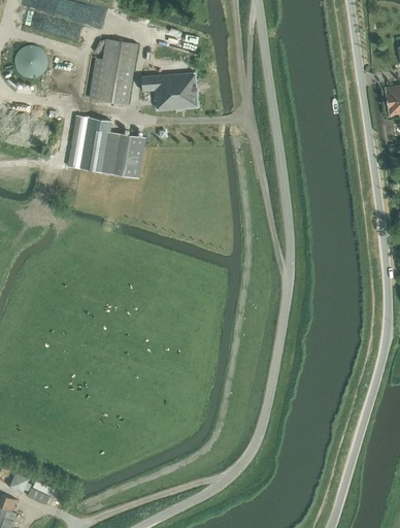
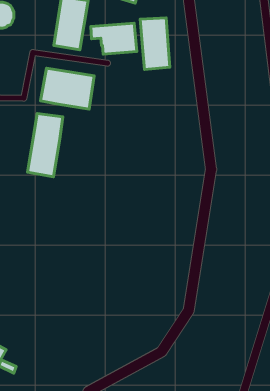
building: none -> [140,18,170,70]
building: none -> [27,113,63,177]

